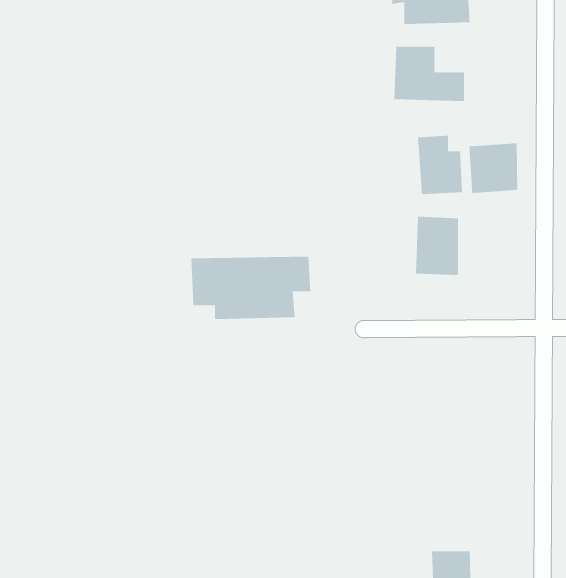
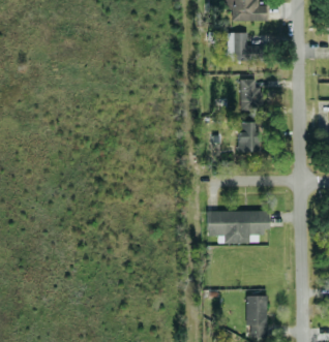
building: [469,142,518,194] -> none
building: [191,256,311,320] -> [207,210,270,243]

